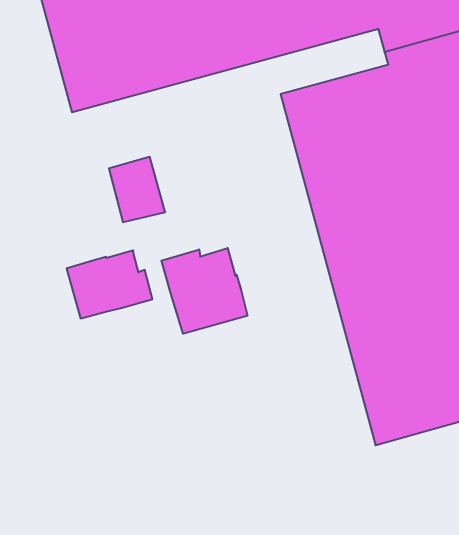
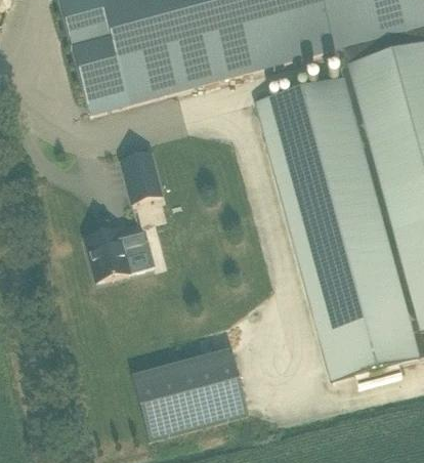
building: [161,248,247,334] -> none
building: none -> [132,348,248,438]

